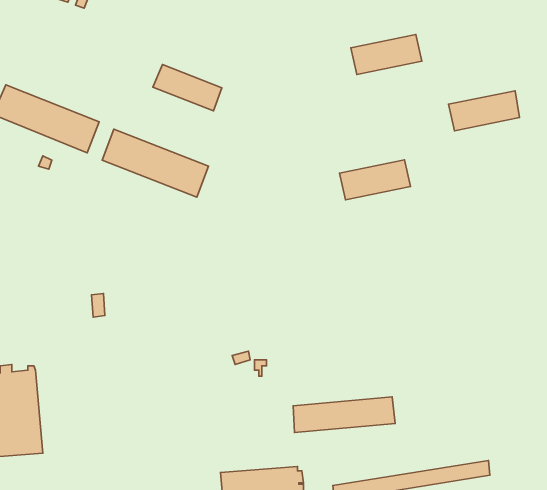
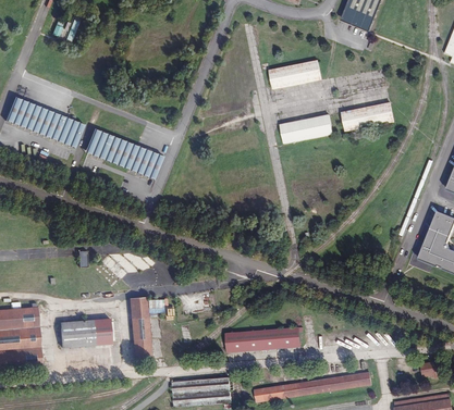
building: [153,64,222,111] -> none
building: [340,160,411,200] -> [279,113,331,142]
building: none -> [130,296,151,359]
building: none -> [59,315,113,347]

